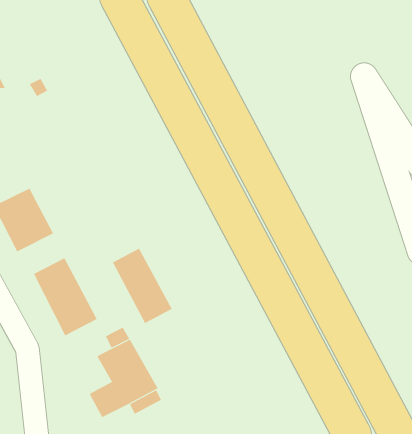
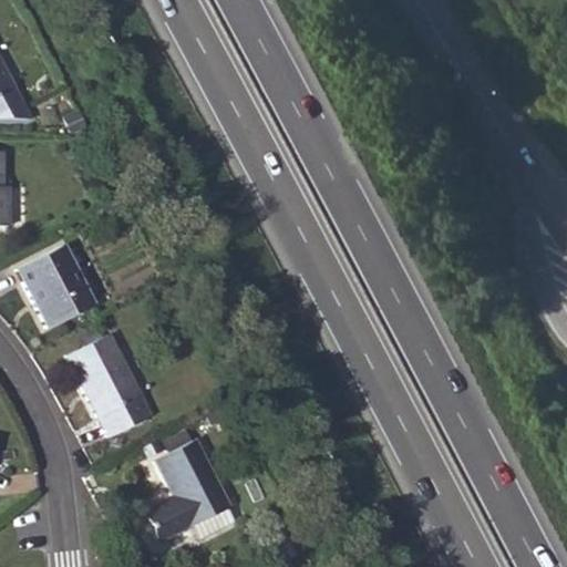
building: [112,248,173,324] -> none

